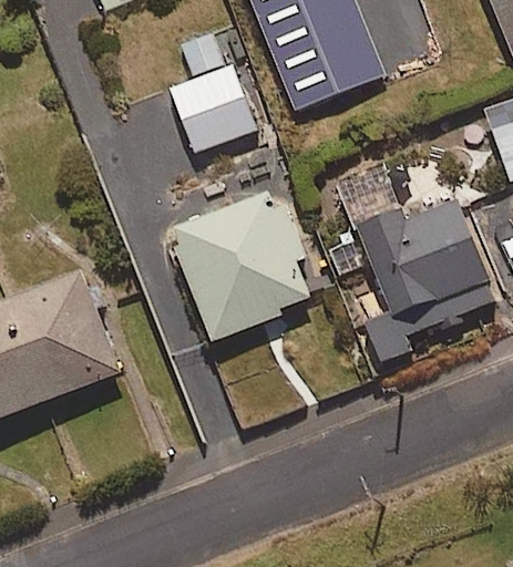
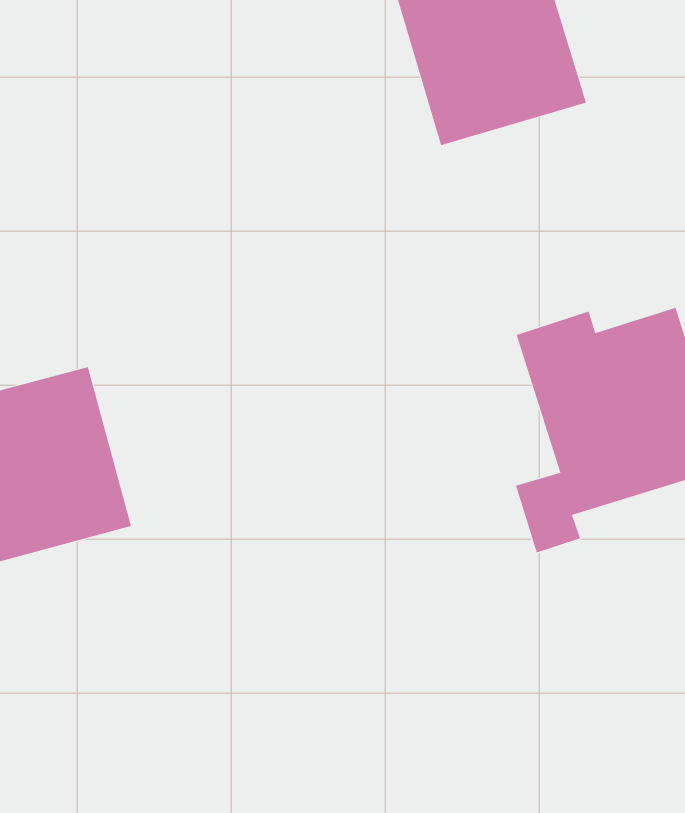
building: [171,64,256,151] -> none
building: [170,188,308,341] -> none

